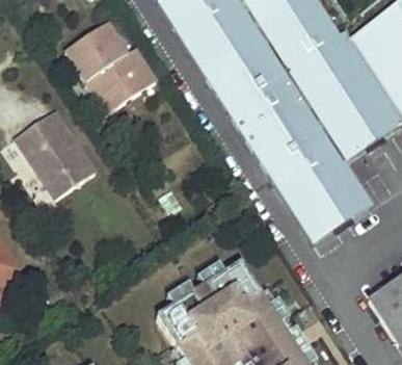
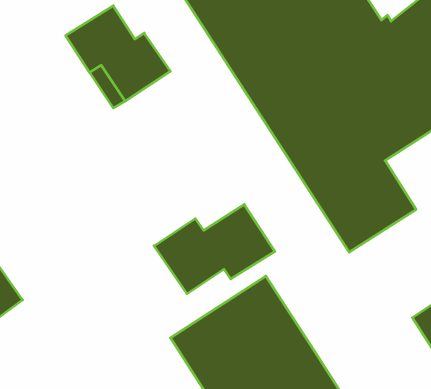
building: [16,112,96,199] -> none
building: none -> [154,204,275,294]

